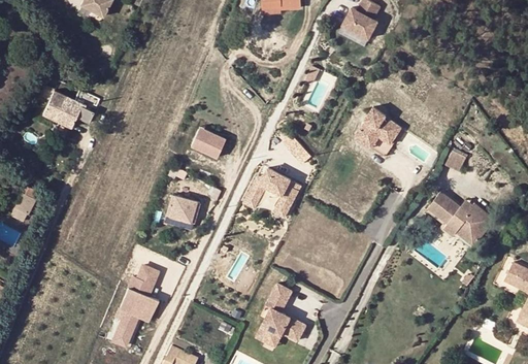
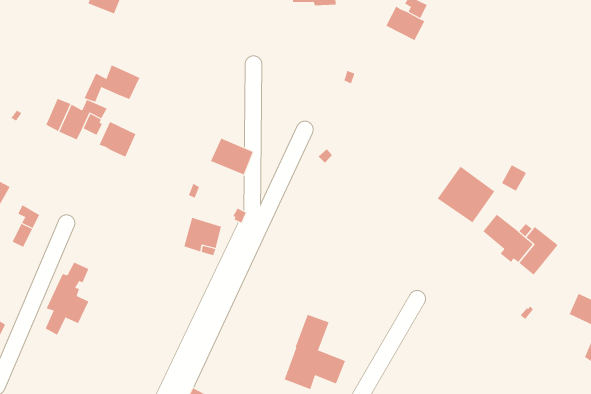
building: none -> [84,64,140,102]
building: [352,104,403,155] -> [437,166,495,223]
building: none -> [99,121,136,158]
building: [242,164,302,217] -> none
building: [118,266,157,331] -> [45,262,89,336]

